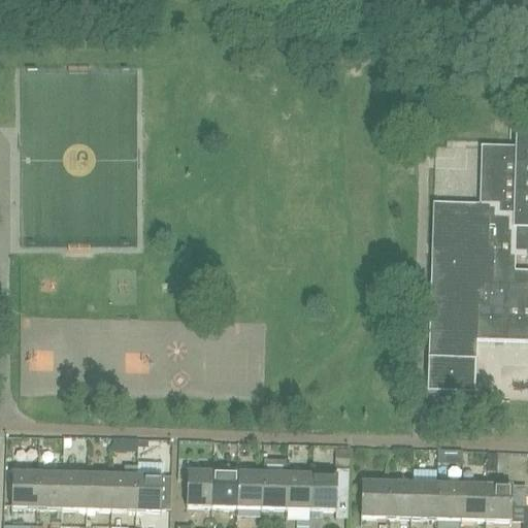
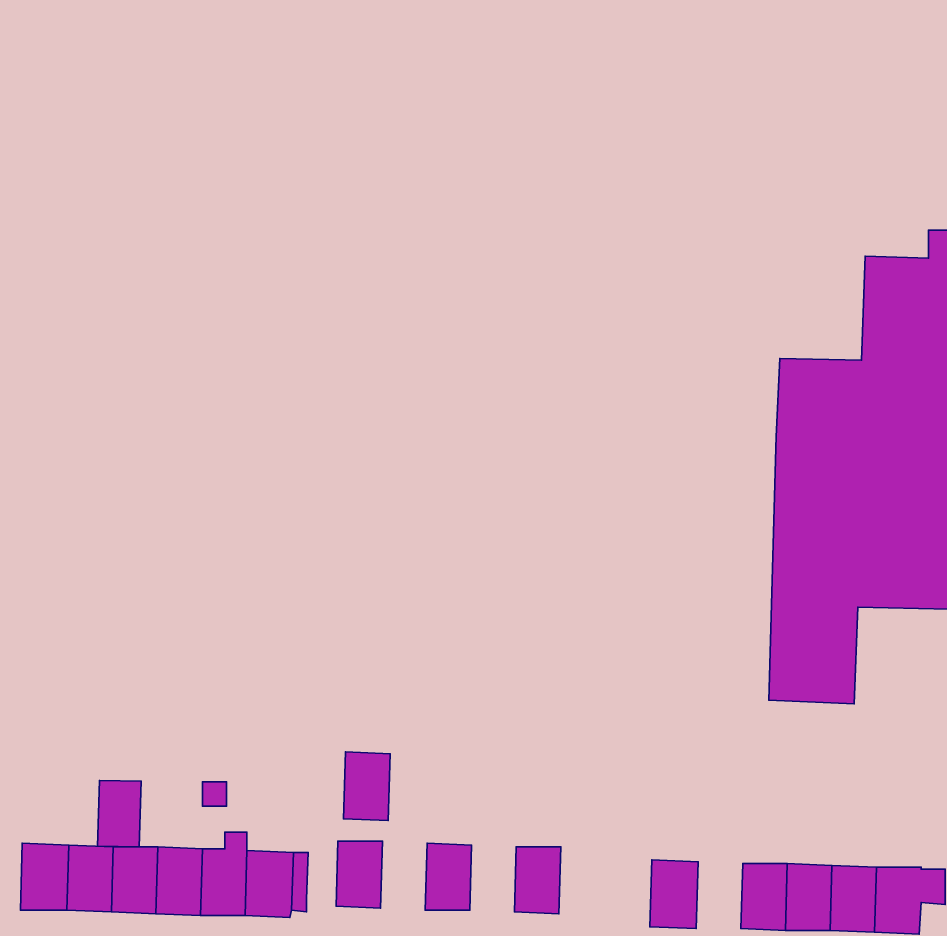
building: none -> [98,780,141,847]
building: [311,466,350,508] -> none
building: [212,467,238,505] -> [344,752,390,821]
building: [262,469,288,506] -> none
building: [388,478,414,516] -> none

